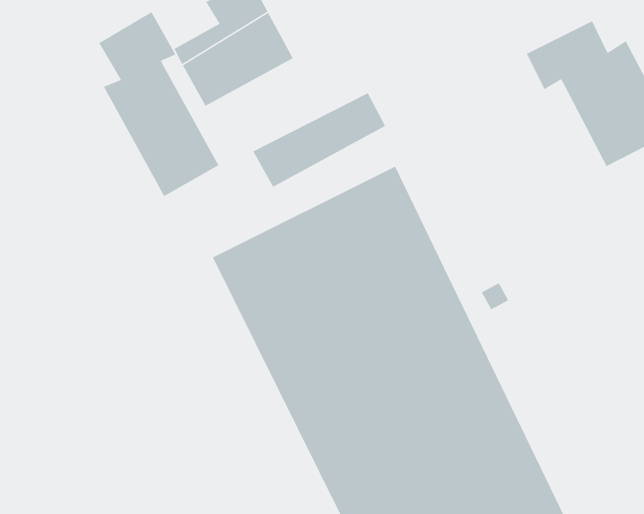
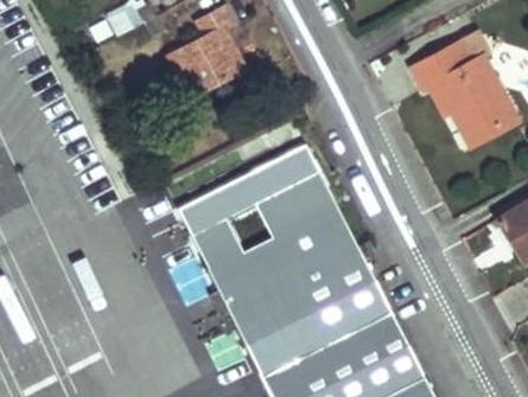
building: [98,11,219,197] -> none
building: [252,92,386,188] -> none

